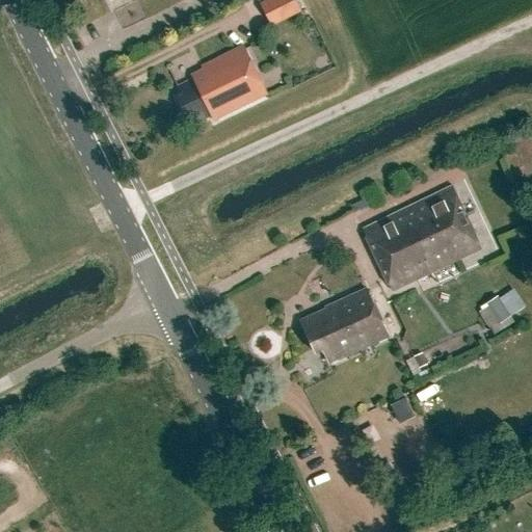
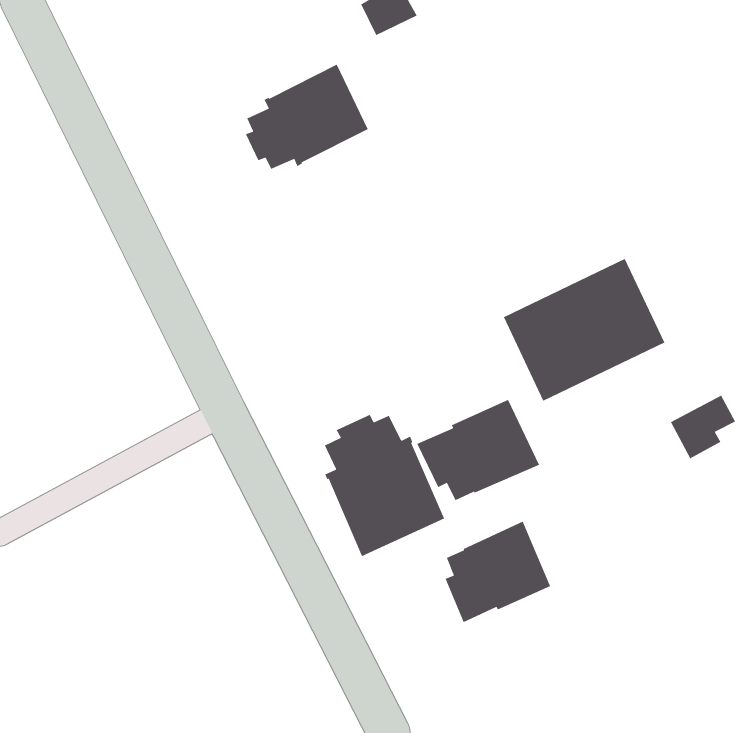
building: none -> [324,414,445,557]
building: none -> [444,521,551,623]

